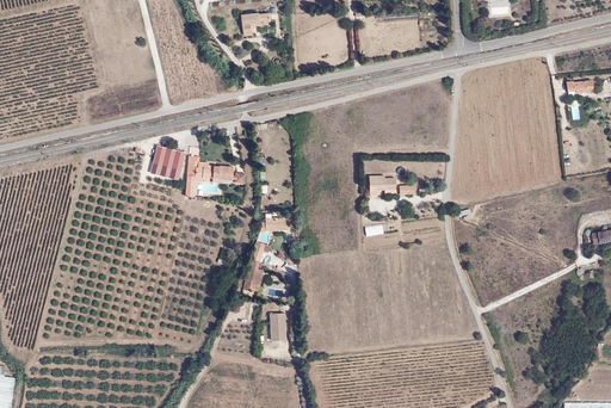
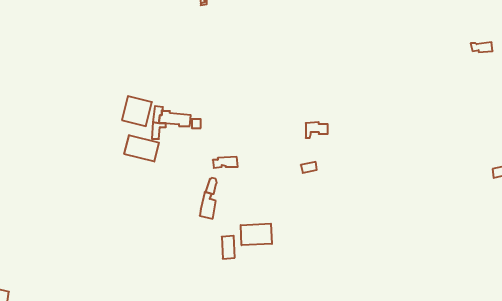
building: none -> [124,135,159,162]
building: none -> [241,224,272,245]

